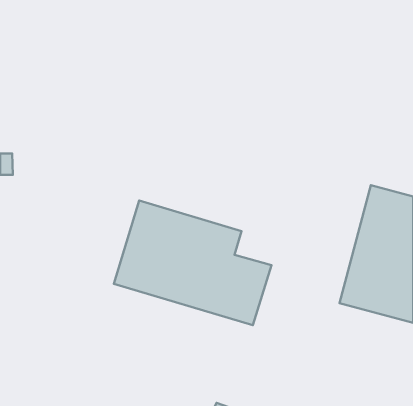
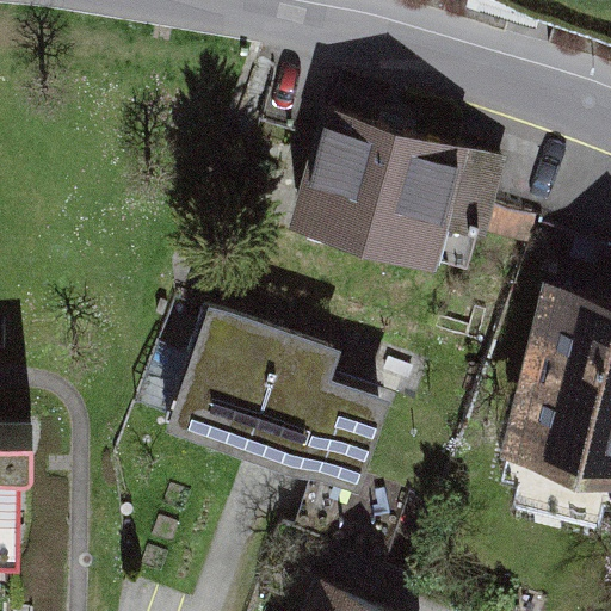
building: none -> [288,124,510,271]

